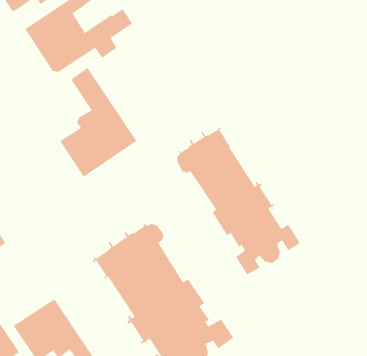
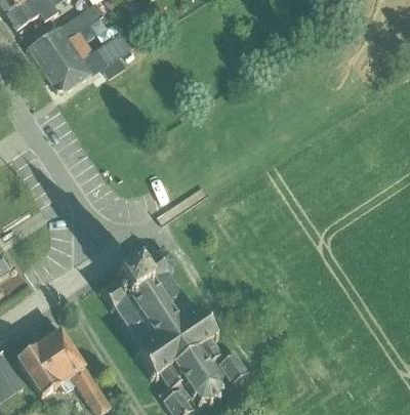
building: [60,67,137,178] -> none
building: [175,126,301,275] -> none

